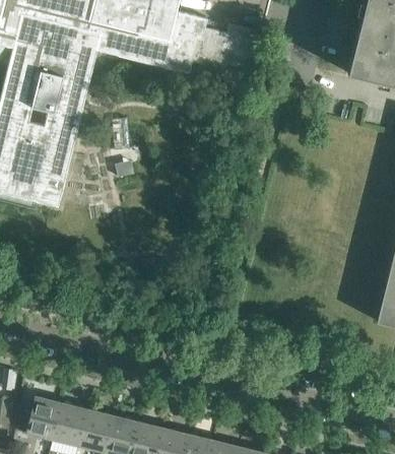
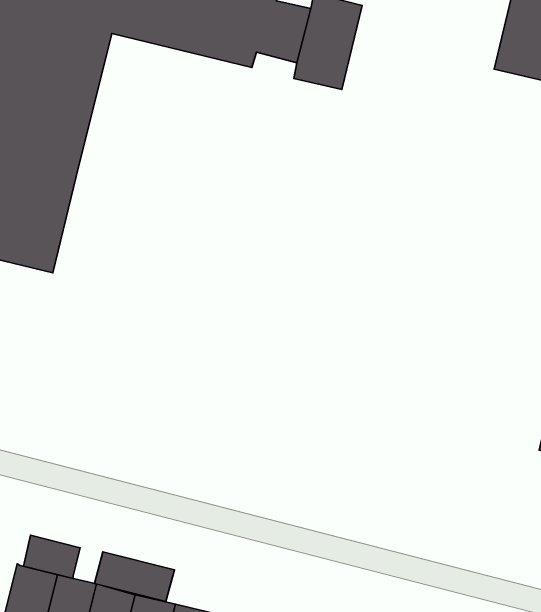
building: none -> [24,535,80,578]
building: none -> [94,552,174,601]

